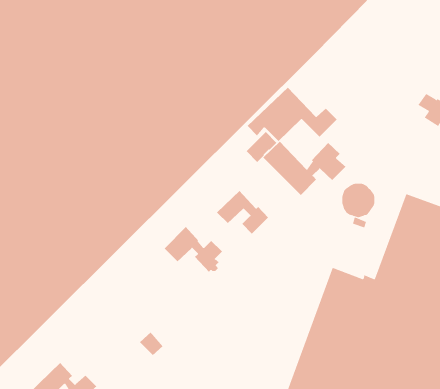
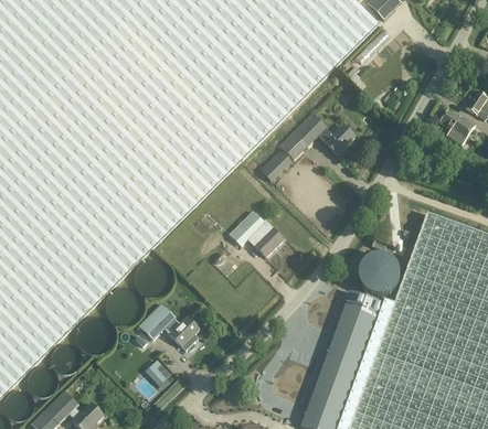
building: [263,141,347,196] -> none
building: [341,183,375,218] -> [360,259,395,296]
building: [164,226,223,273] -> [138,302,200,351]

